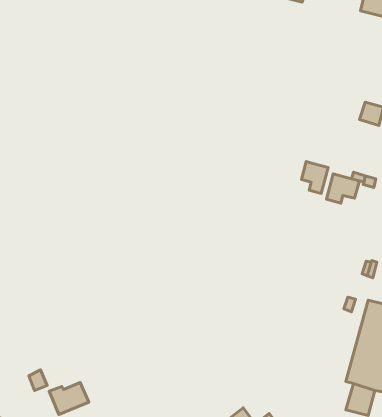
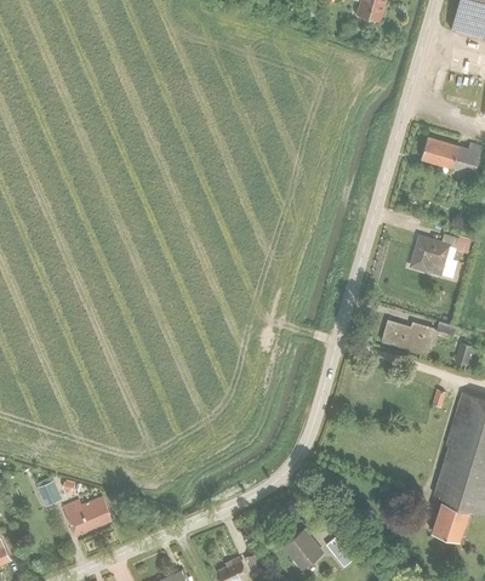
building: none -> [421,136,458,167]
building: [302,161,328,193] -> none
building: none -> [381,319,435,355]

